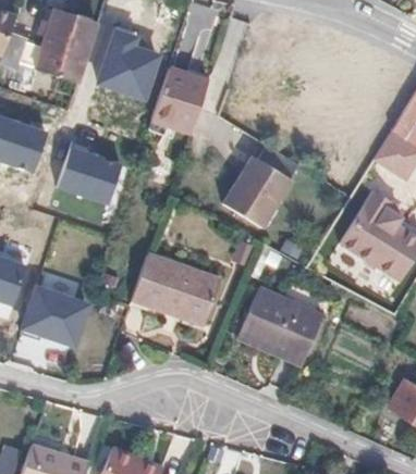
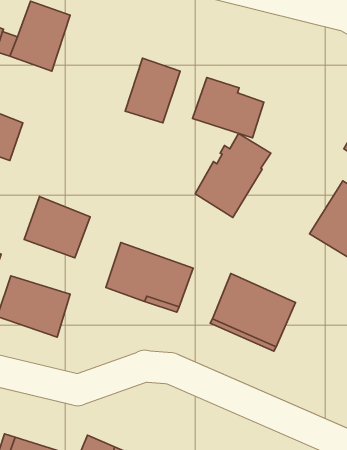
building: [100,28,163,101] -> none
building: none -> [193,78,264,138]
building: [60,144,126,205] -> [24,196,90,258]

